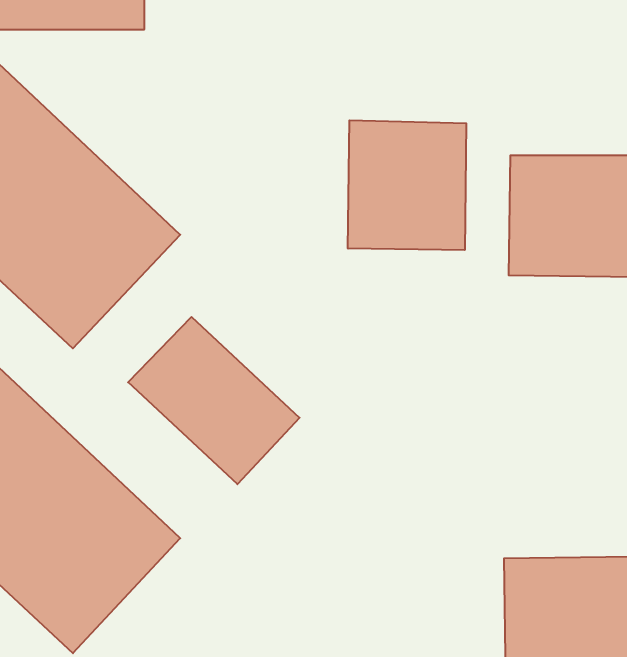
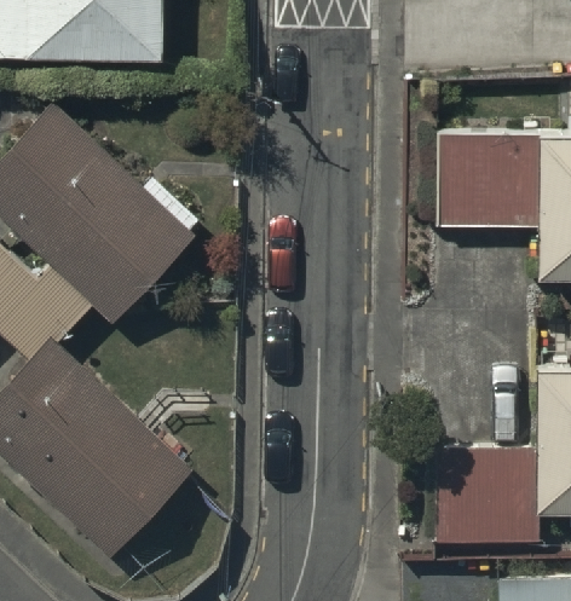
building: [348,120,466,250] -> none
building: [128,317,300,484] -> none

